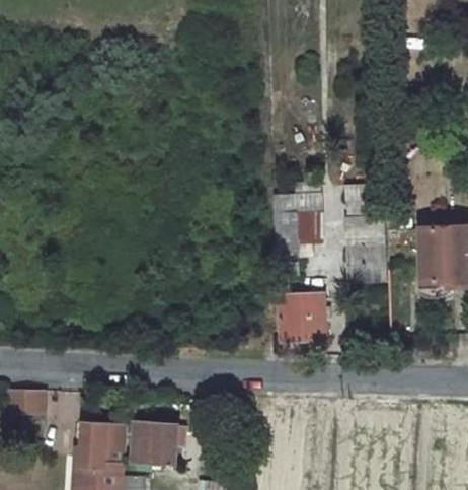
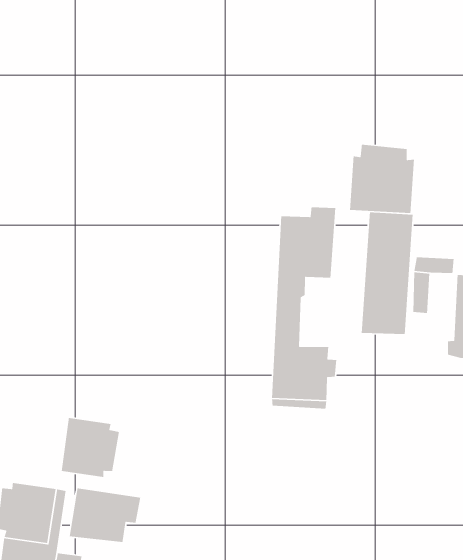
building: none -> [349,144,415,214]
building: none -> [61,417,120,478]

